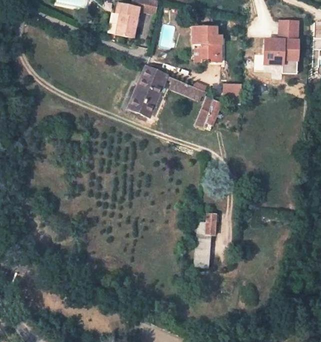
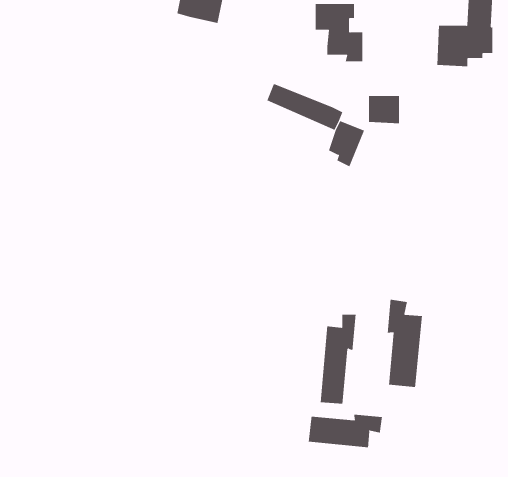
building: [128,66,166,115] -> none
building: none -> [387,299,422,388]
building: none -> [308,414,383,448]

